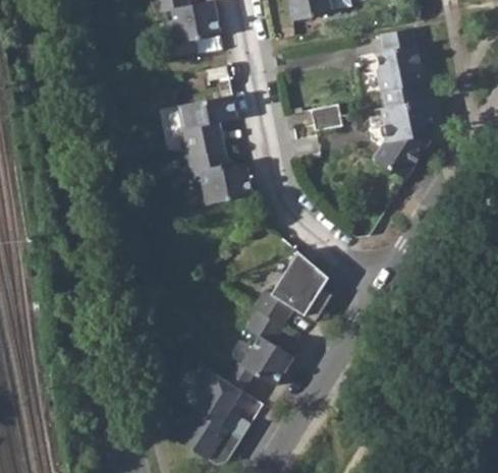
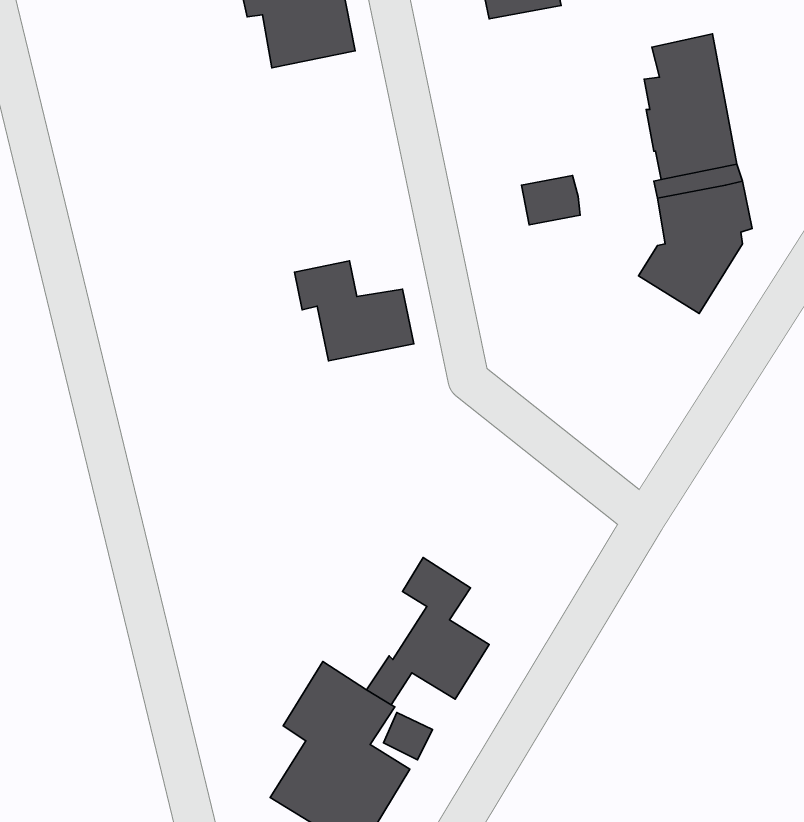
building: [177,95,236,156] -> none
building: [253,250,332,326] -> none

